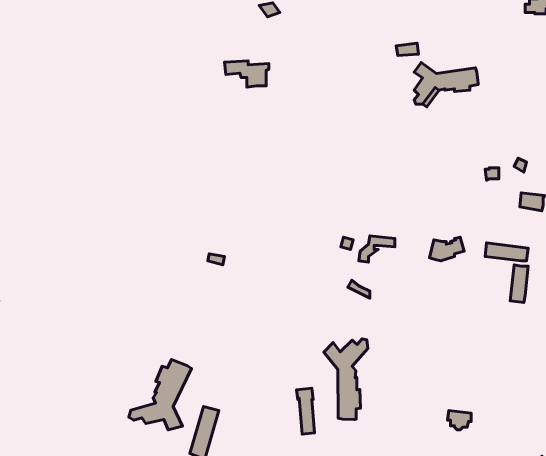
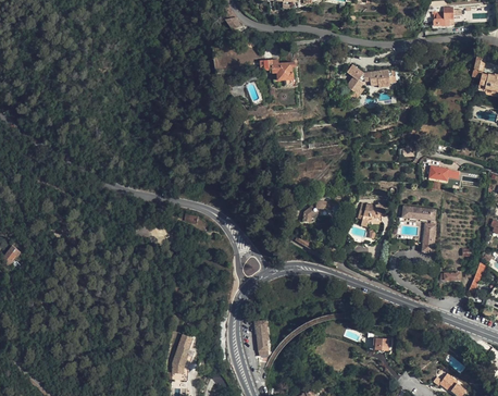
building: [225,61,269,87] -> [260,60,295,81]
building: [324,339,368,419] -> none
building: [129,360,191,430] -> none

